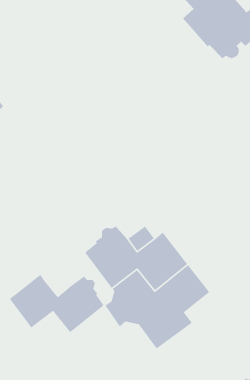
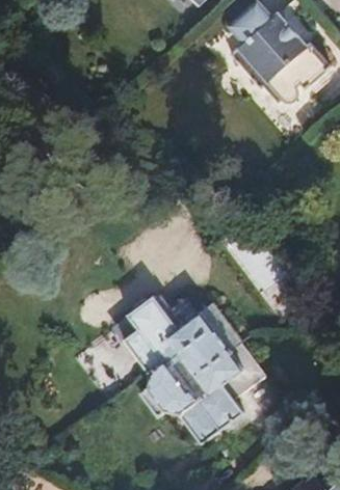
building: [9,274,105,333] -> none

